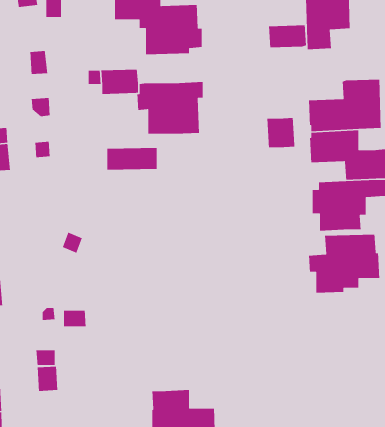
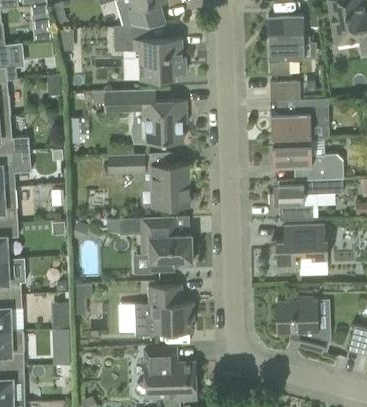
building: [268,25,307,48] -> [269,82,300,101]
building: [267,117,295,148] -> none
building: none -> [151,164,189,207]
building: none -> [106,216,192,271]
building: none -> [134,285,193,336]
building: none -> [276,297,326,352]

